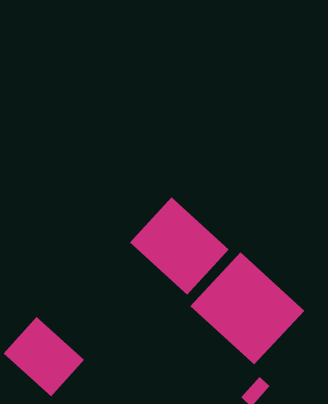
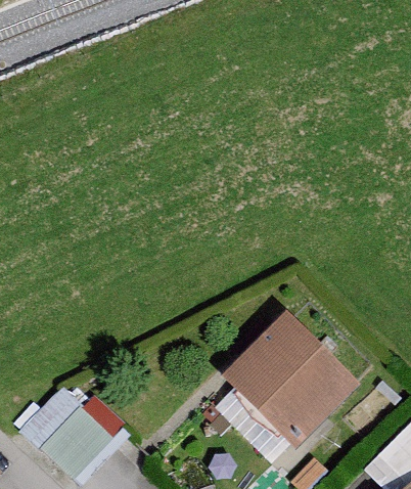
building: [129,197,230,296] -> none

